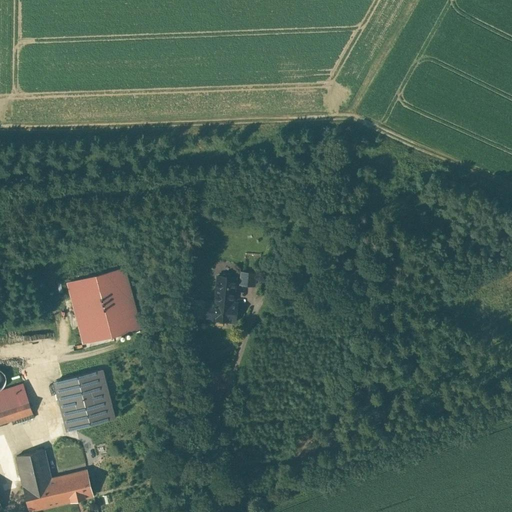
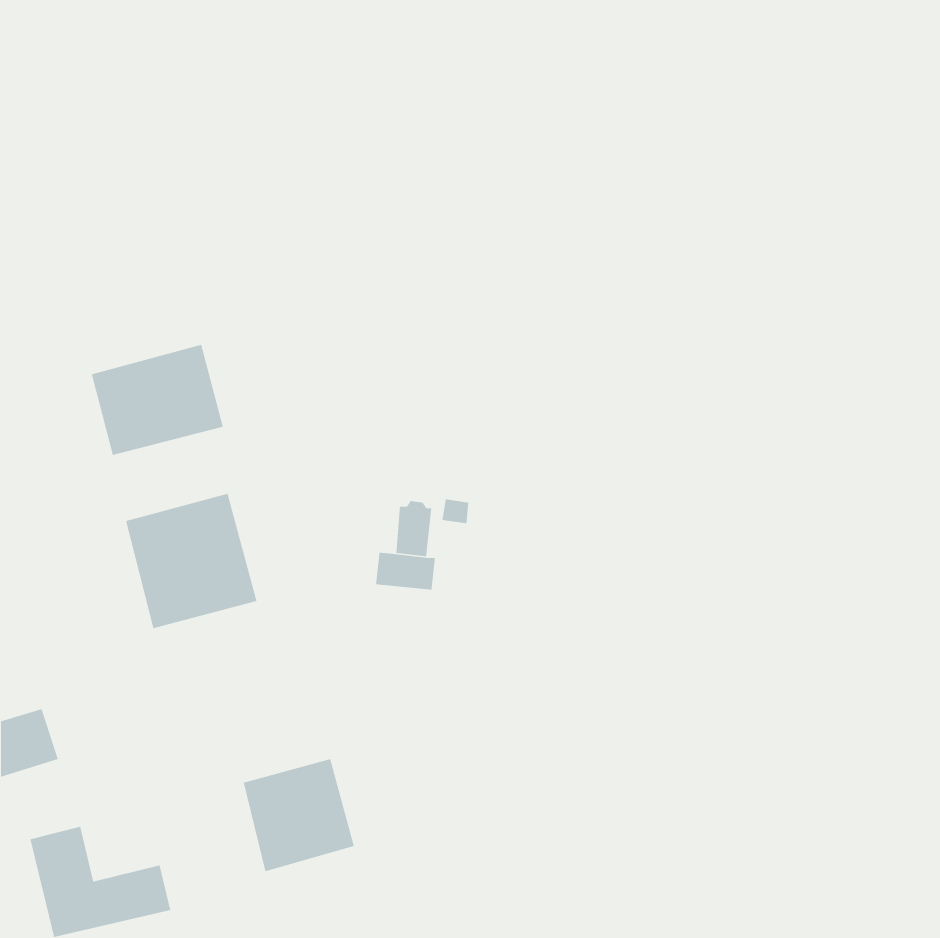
building: none -> [91,344,224,456]
building: [54,370,115,432] -> [243,758,355,872]

